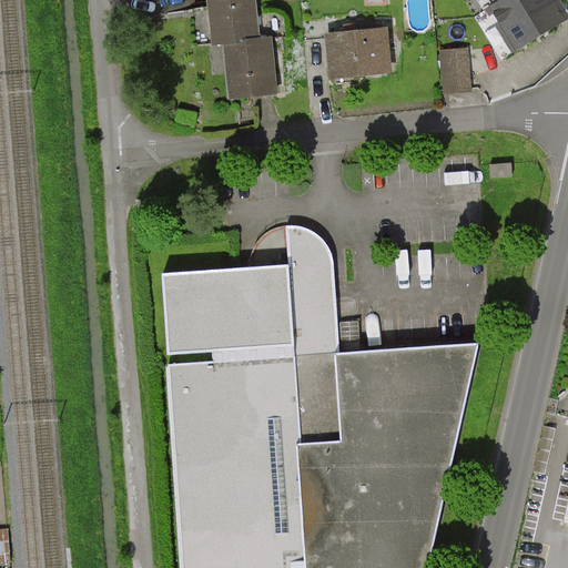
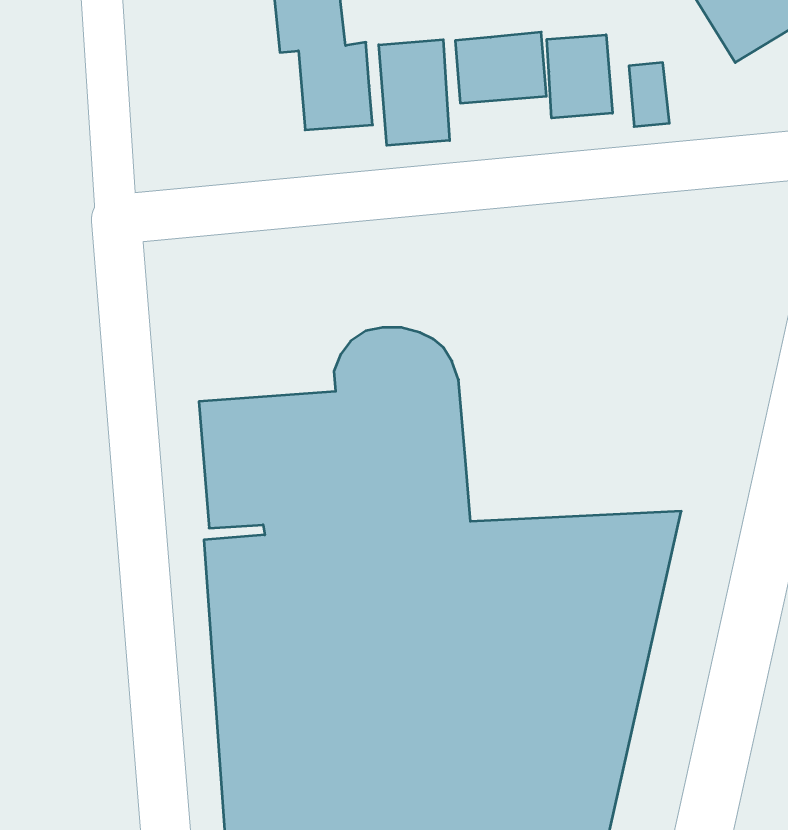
building: none -> [547,35,612,118]
building: none -> [379,40,450,145]

